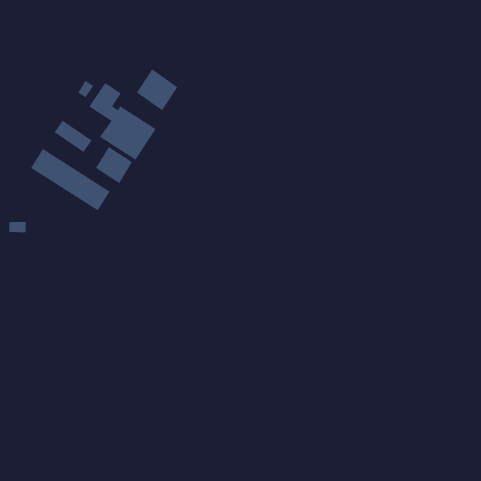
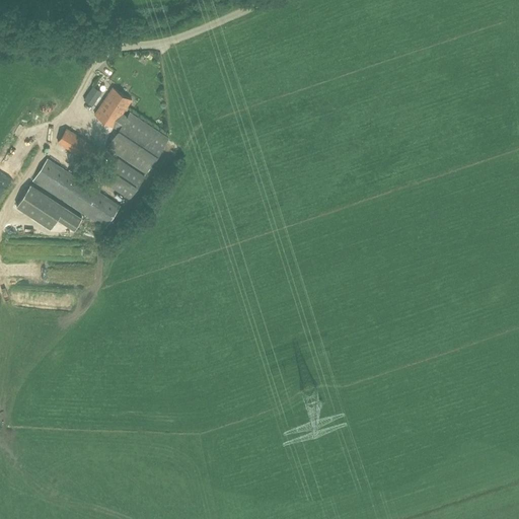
building: [136,69,178,111] -> none
building: none -> [15,186,80,229]

